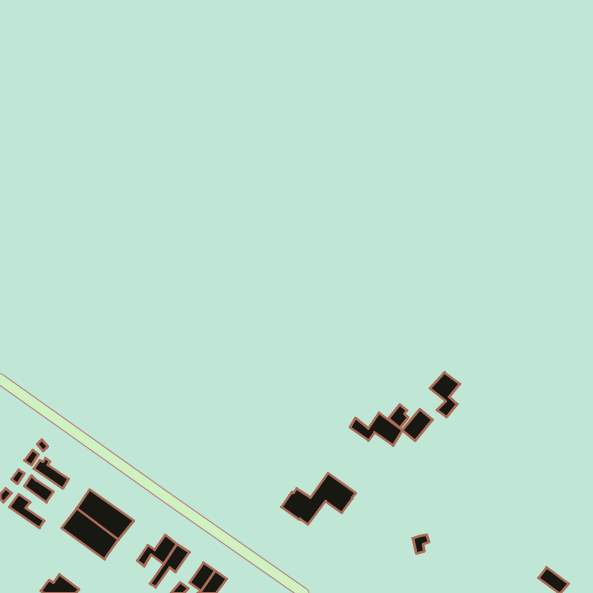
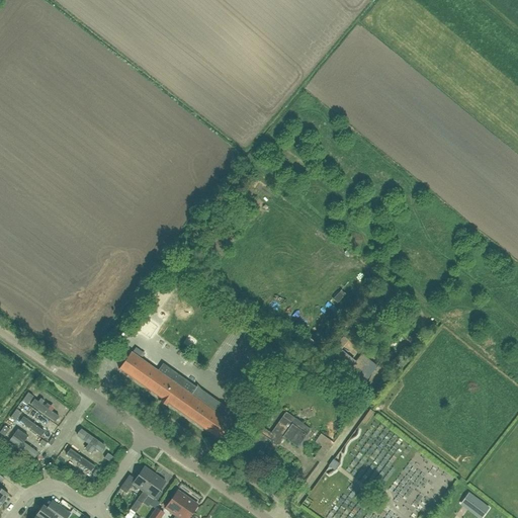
building: [430,372,460,417] -> none
building: none -> [119,351,232,439]
building: [350,413,402,446] -> none

